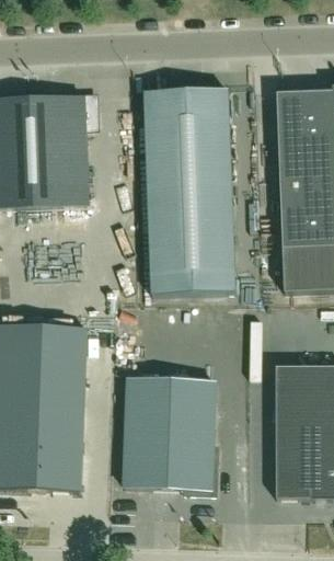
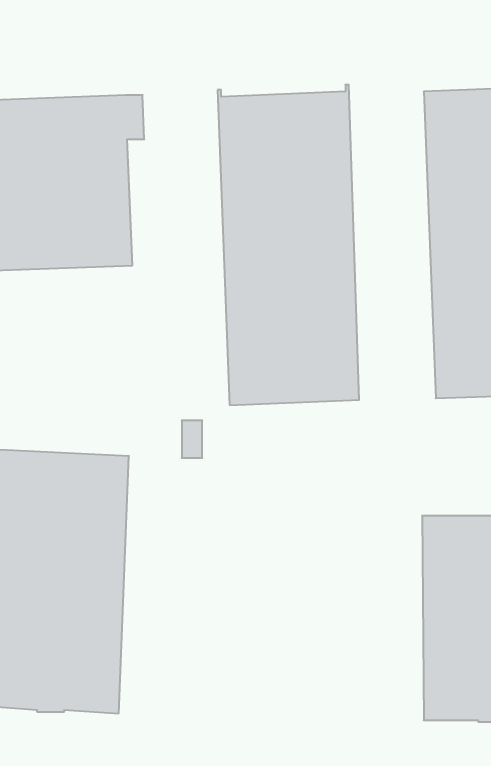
building: [123,376,217,493] -> none

